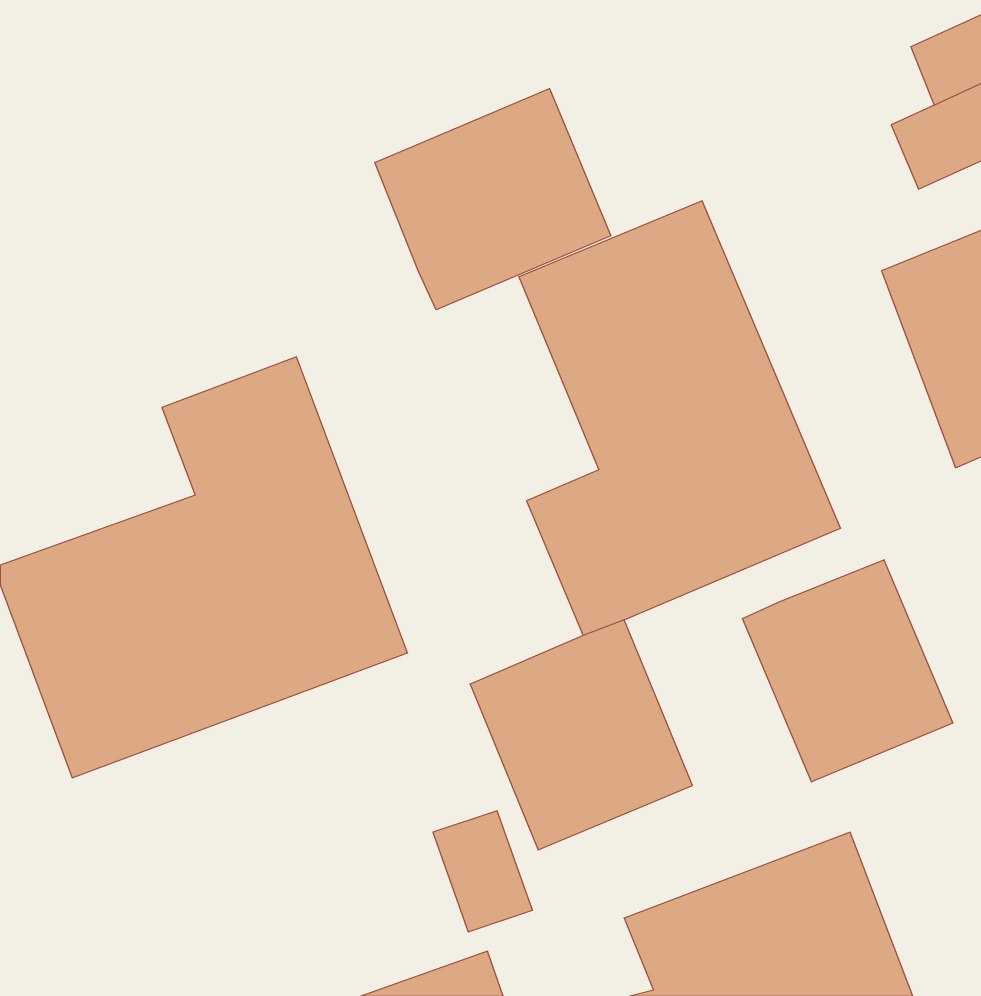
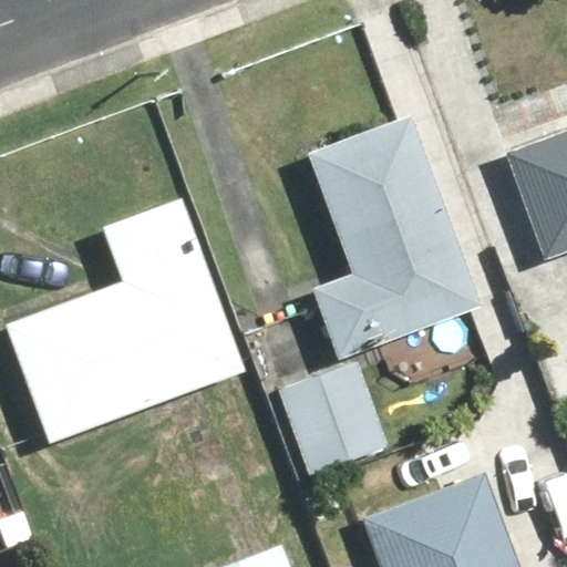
building: [375,89,611,310] -> none
building: [742,560,953,782] -> none

